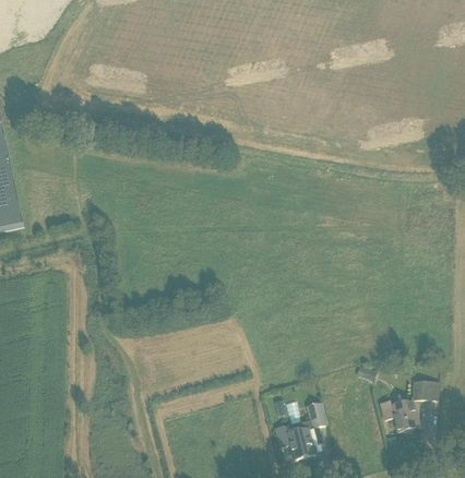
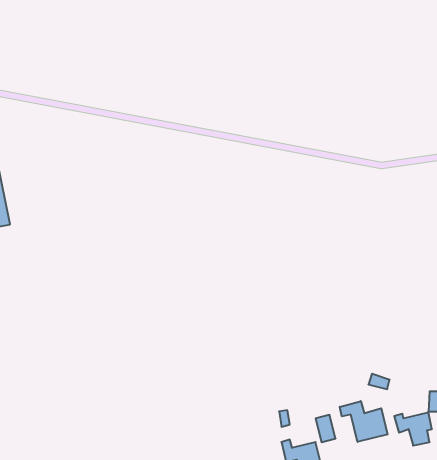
building: none -> [340,401,388,442]

